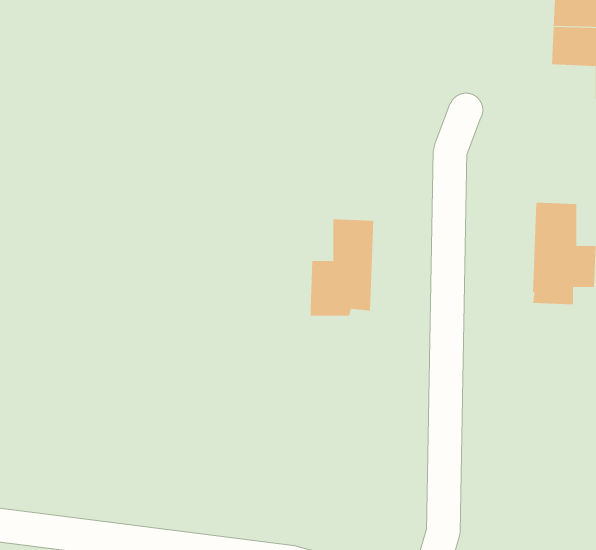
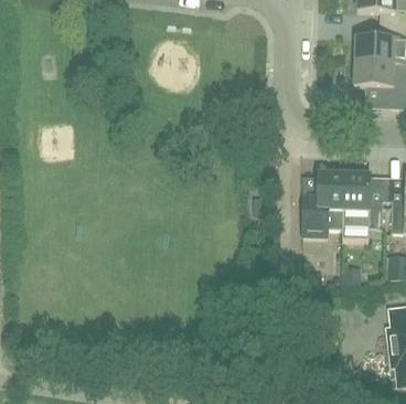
building: [310,219,374,316] -> [302,168,343,230]

